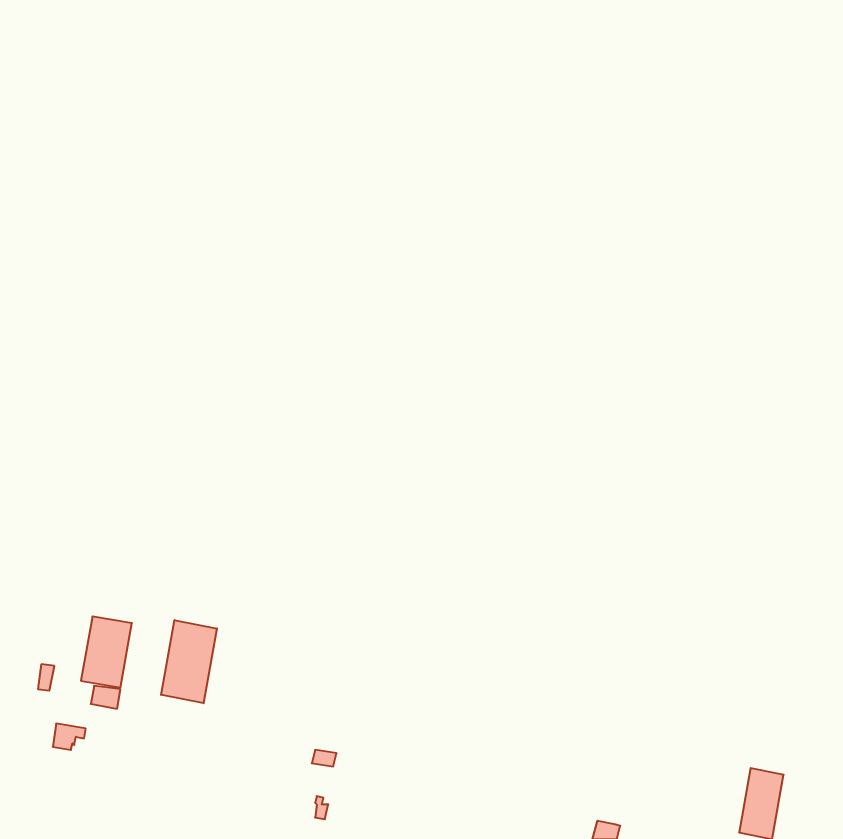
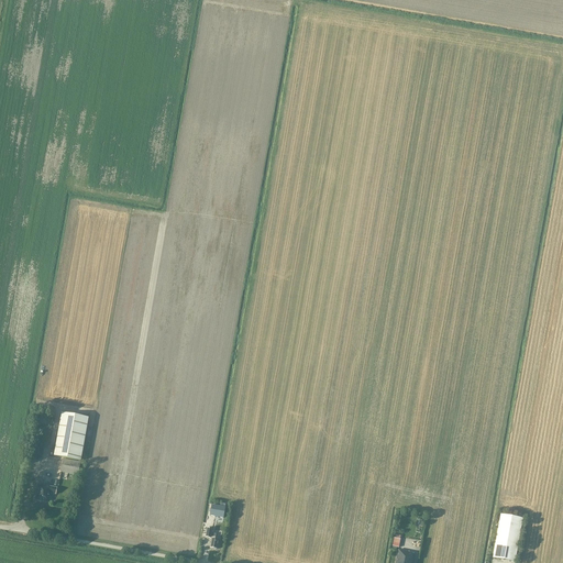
building: [161,620,217,703] -> none

